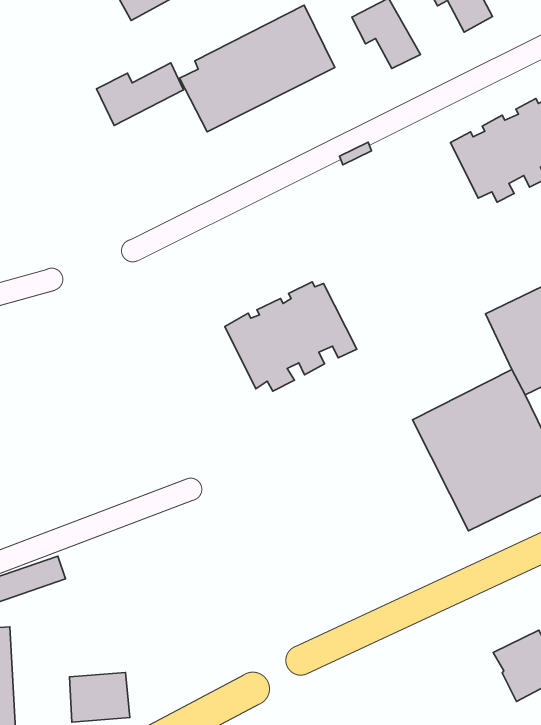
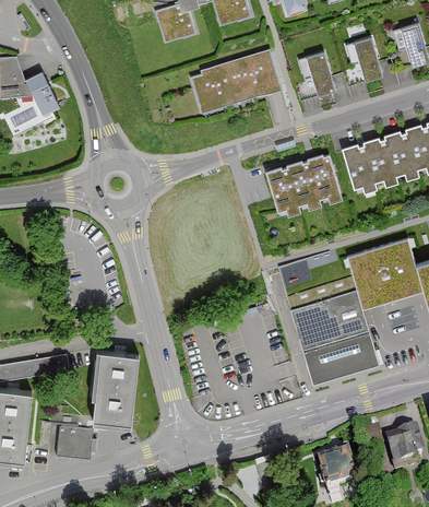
building: [97,63,184,125] -> none
building: [225,282,357,391] -> [266,154,343,215]
building: none -> [94,350,139,422]

